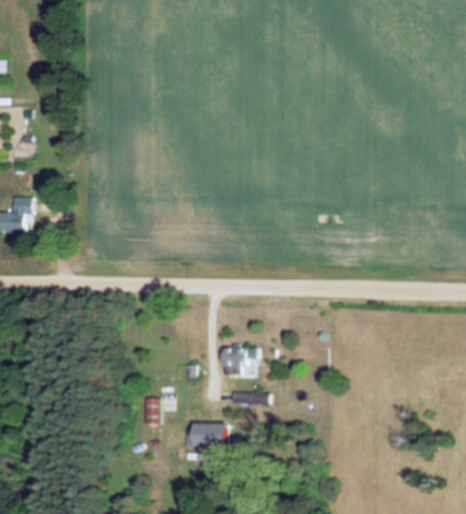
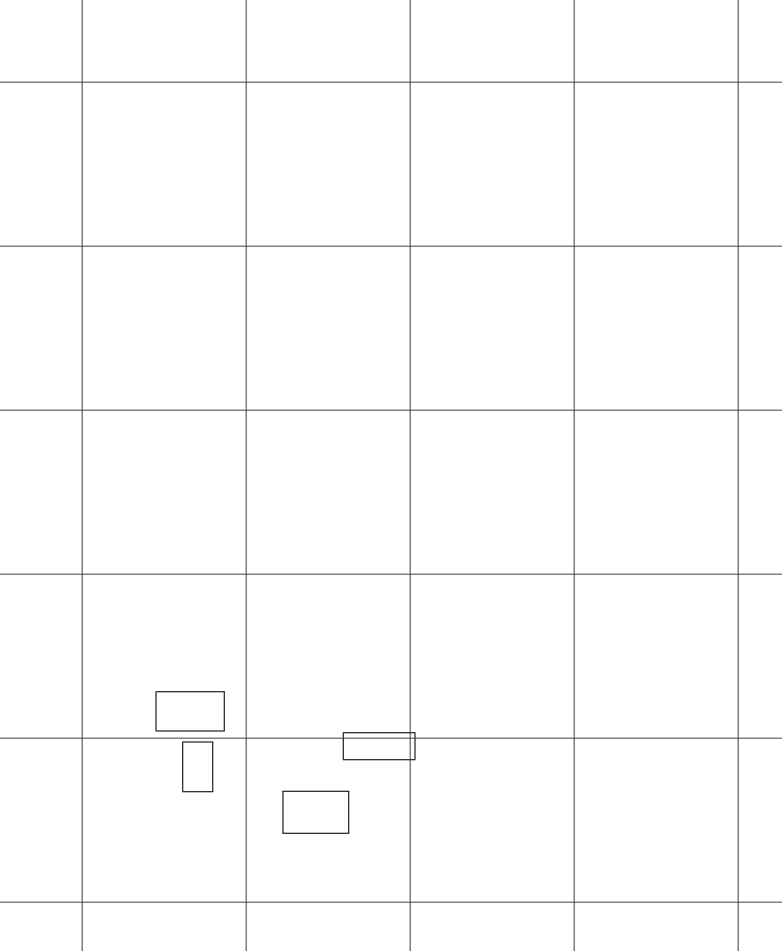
building: [222,345,251,375] -> none
building: none -> [156,692,224,731]

